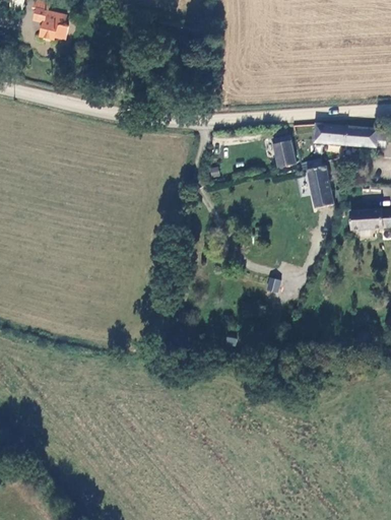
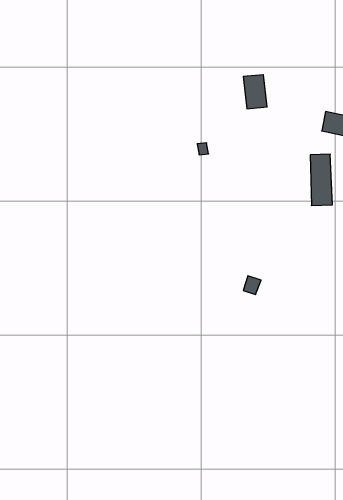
building: [271,137,296,169] -> [243,75,267,109]

